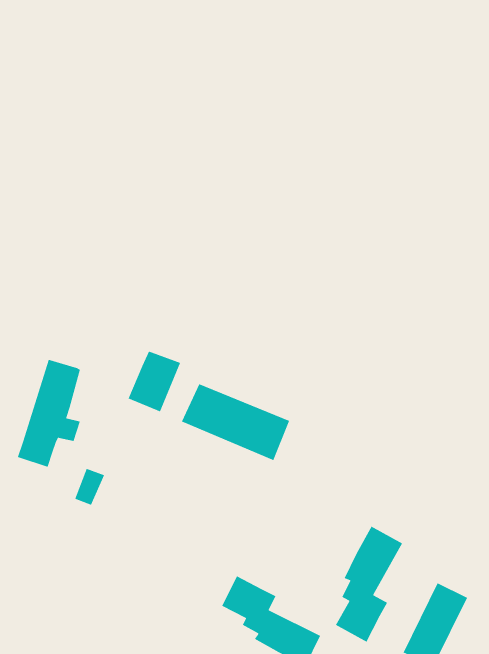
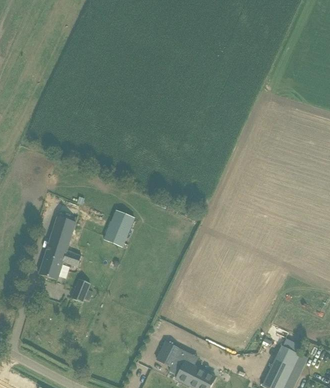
building: [181,383,290,461] -> none
building: [335,526,403,643] -> none

